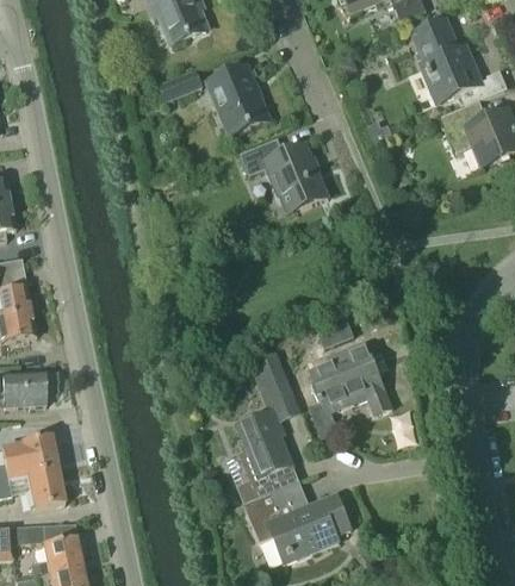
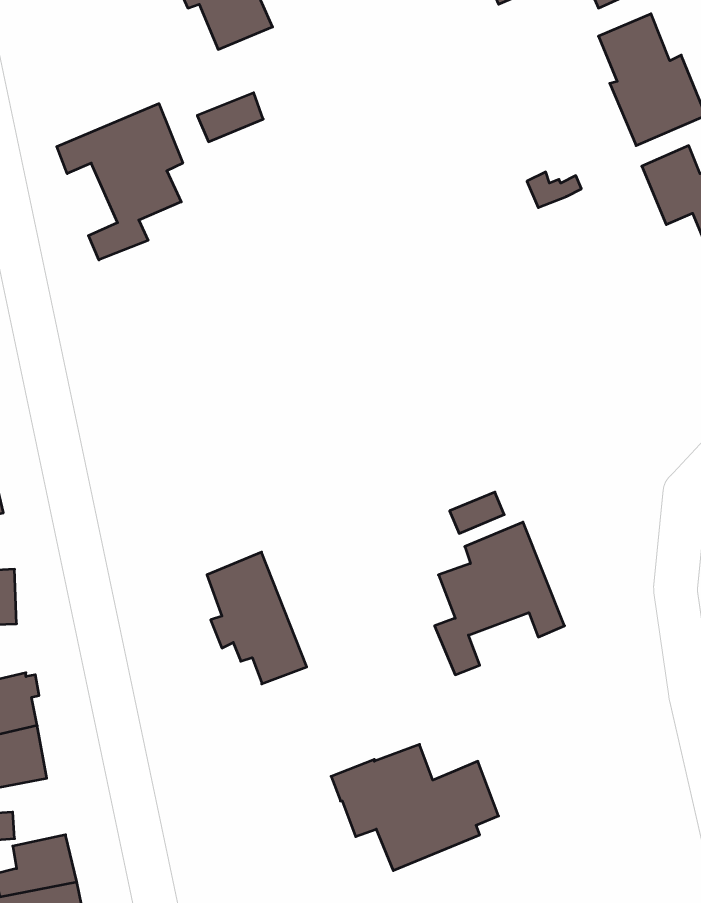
building: [206,64,268,135] -> none
building: none -> [57,104,183,260]
building: [240,137,327,213] -> none
building: [260,357,296,401] -> none
building: [236,409,299,492] -> [207,552,307,684]

